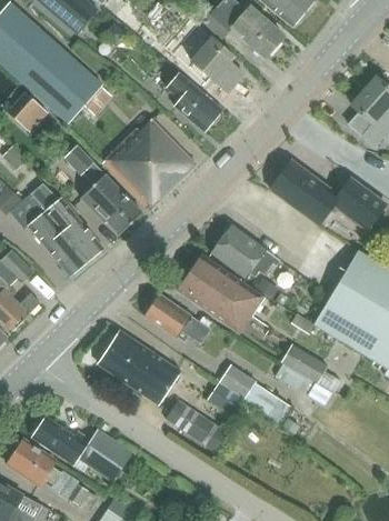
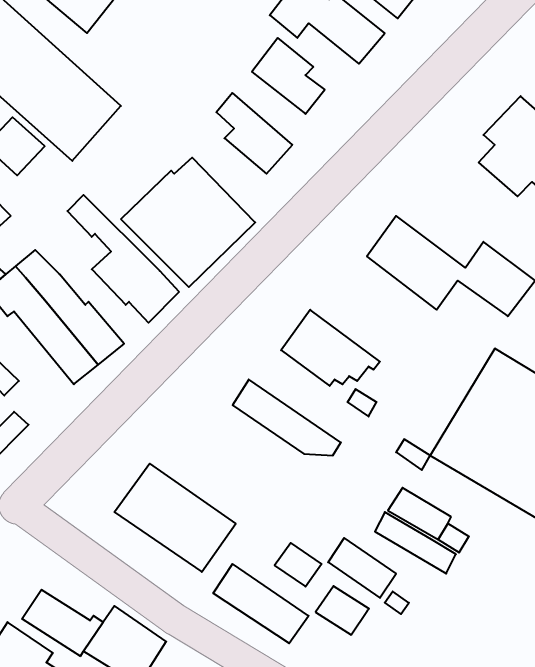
building: [189,256,266,315] -> none
building: [147,298,210,347] -> none
building: [219,364,256,398] -> [316,586,369,635]

